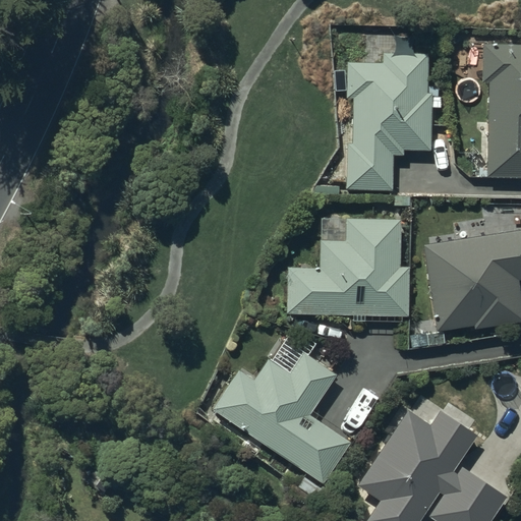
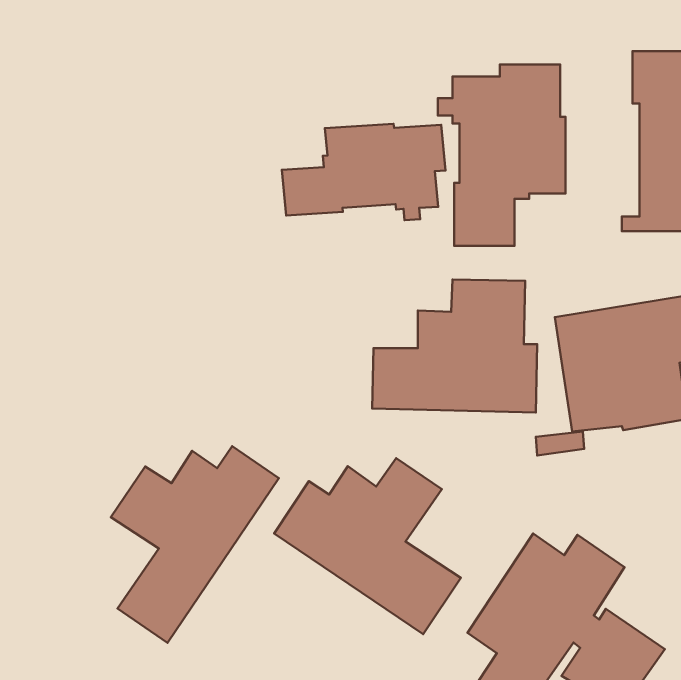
building: none -> [282,124,446,220]
building: none -> [111,446,279,643]

